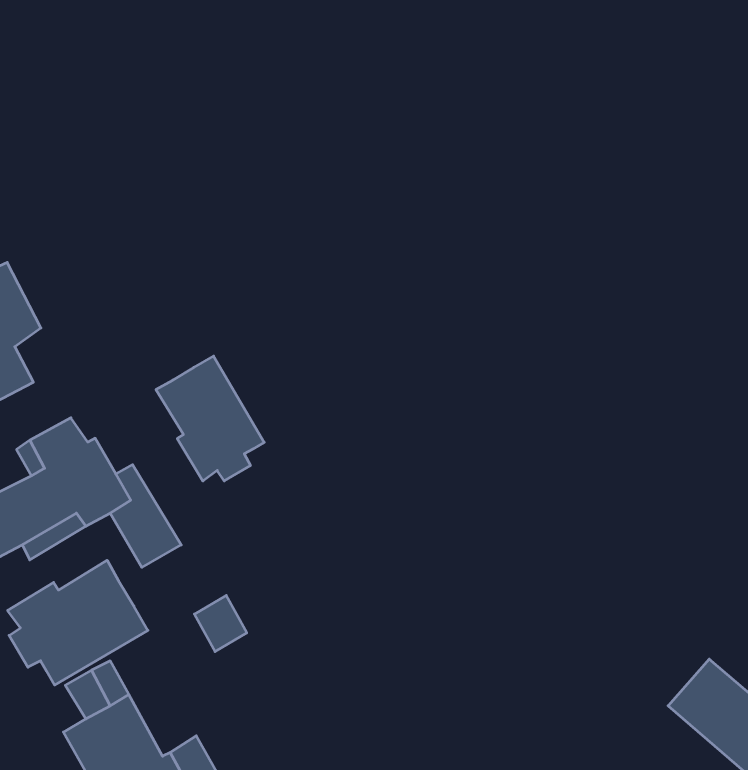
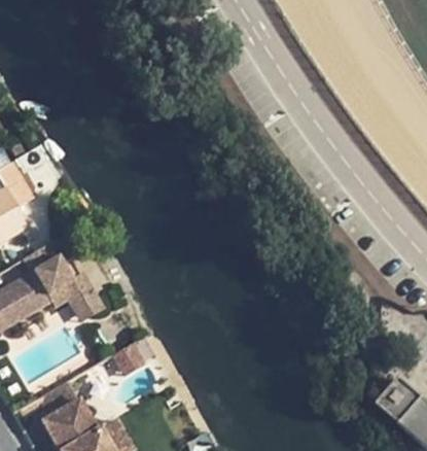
building: [156,356,264,481] -> none
building: [8,560,148,685] -> none

